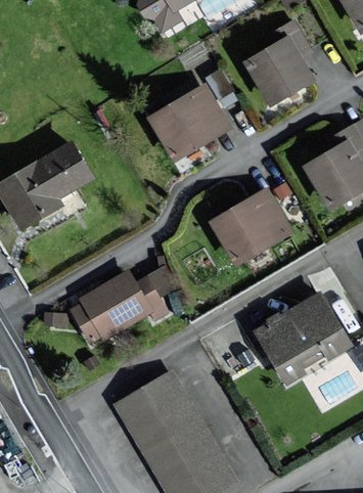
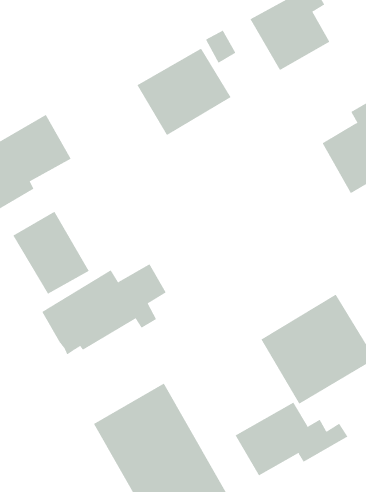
building: [214,189,291,262] -> none
building: none -> [12,211,90,295]
building: none -> [235,402,348,476]

